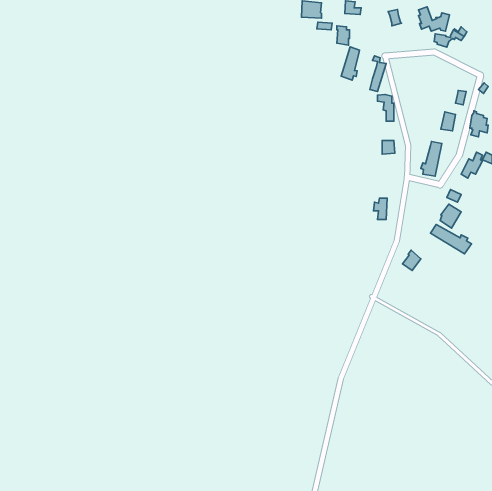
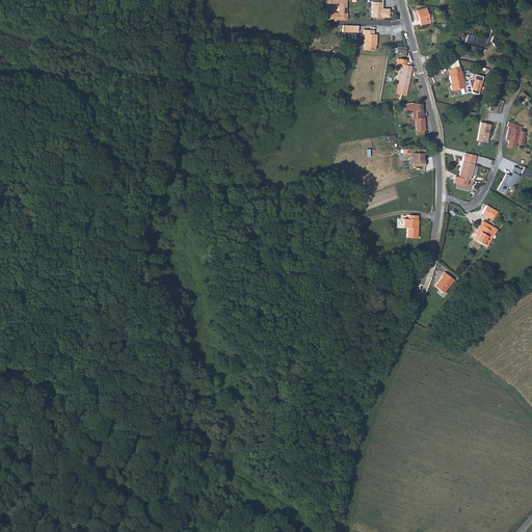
building: [419,7,449,31] -> [450,68,483,94]
building: [341,47,360,80] -> none
building: [431,224,472,254] -> none

